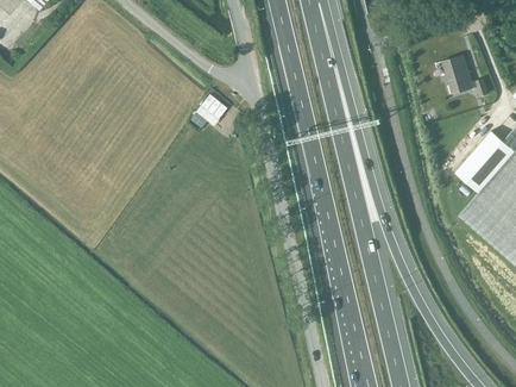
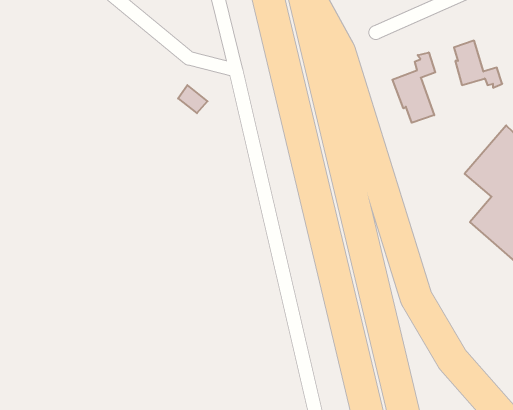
building: none -> [392,52,435,123]

